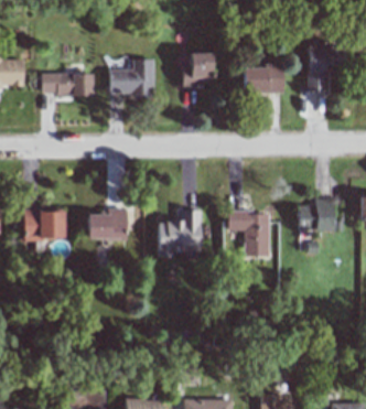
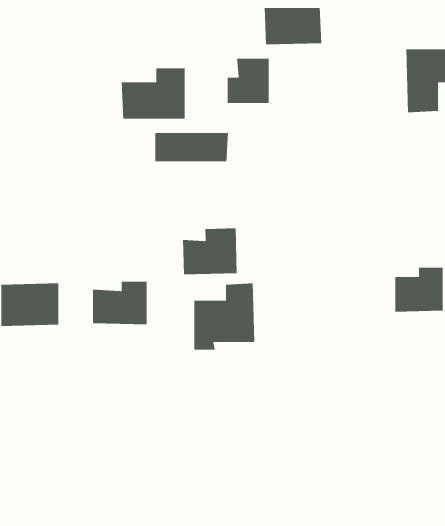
building: [244,66,284,93] -> [264,7,322,45]
building: [43,74,95,95] -> [154,132,229,162]
building: none -> [182,228,238,275]
building: [228,212,270,256] -> none

